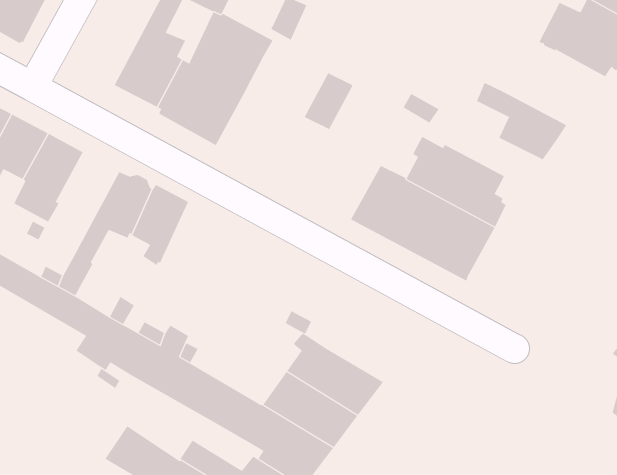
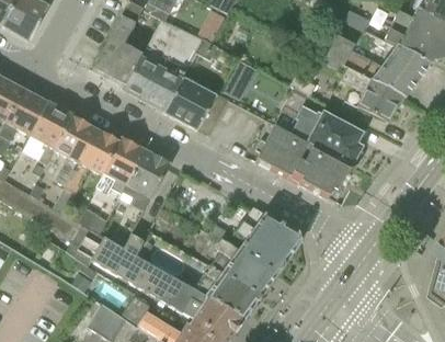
building: none -> [324,34,430,98]
building: none -> [162,75,227,135]
building: none -> [53,115,95,185]
building: none -> [124,149,170,210]
building: none -> [236,208,300,273]

